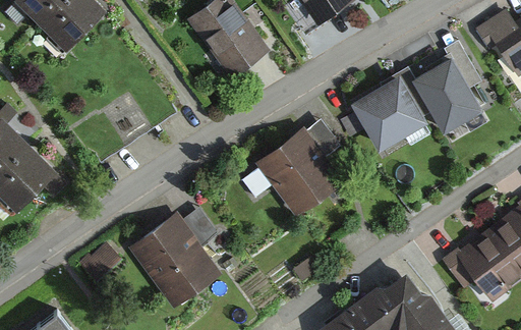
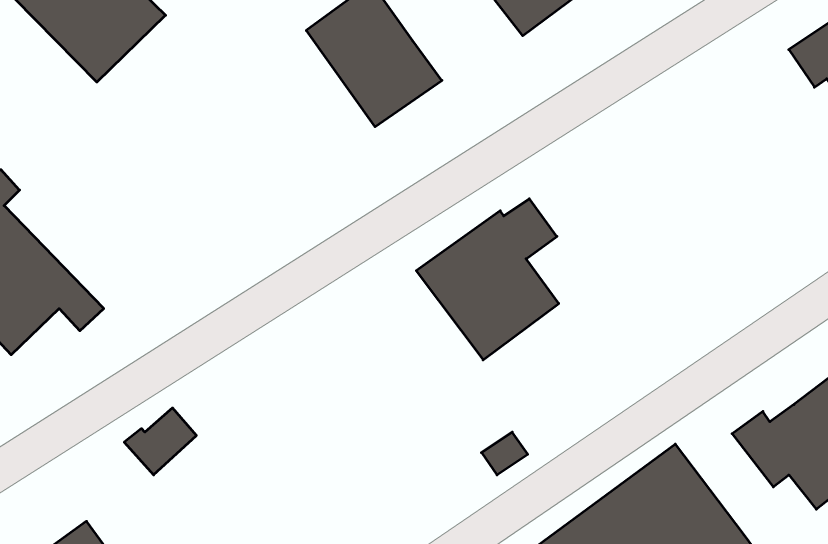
building: [412,43,484,132] -> none
building: [340,74,429,153] -> none
building: [128,211,221,309] -> none

